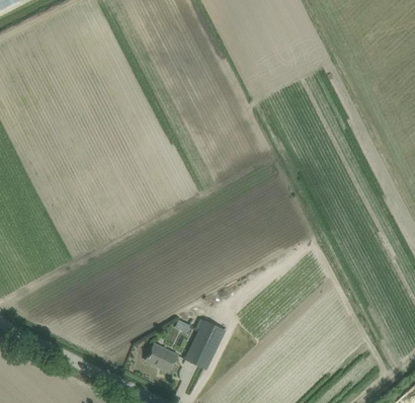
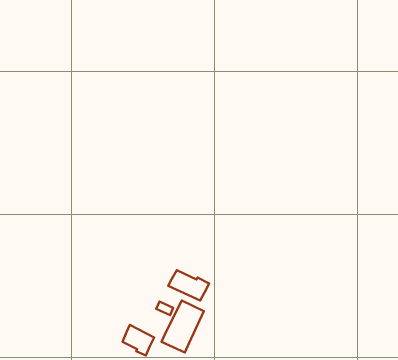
building: none -> [168,270,209,301]

